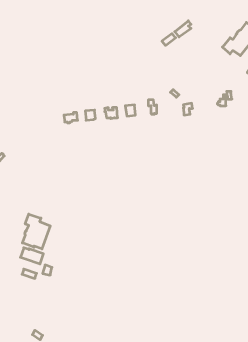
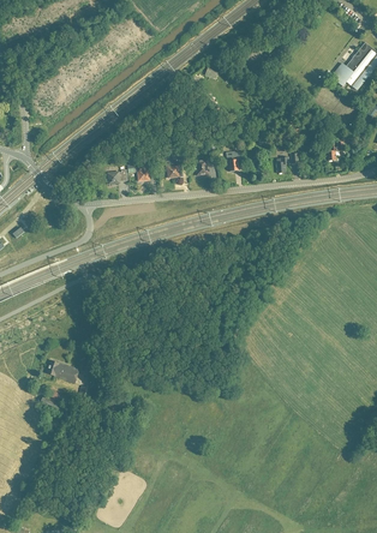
building: [22,214,50,249] -> none

